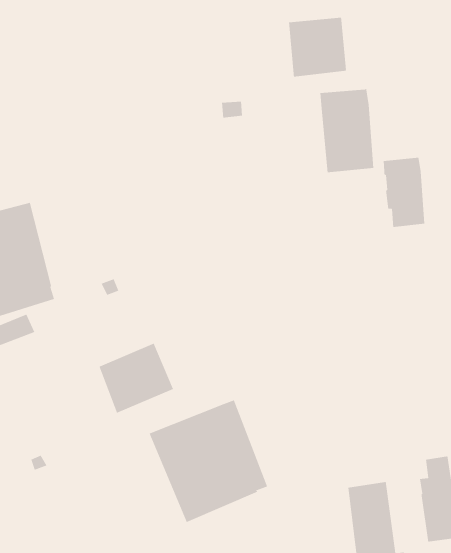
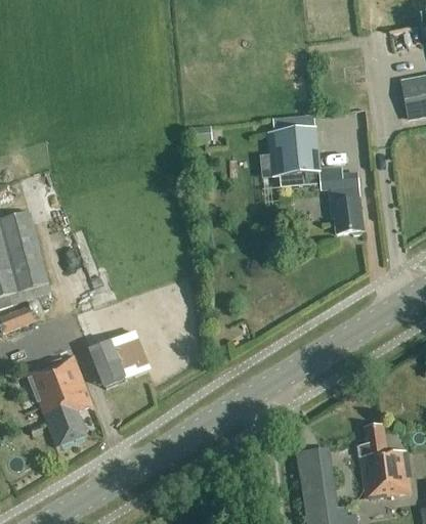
building: [289,17,347,78] -> none
building: none -> [27,354,92,446]
building: [149,400,268,523] -> none

